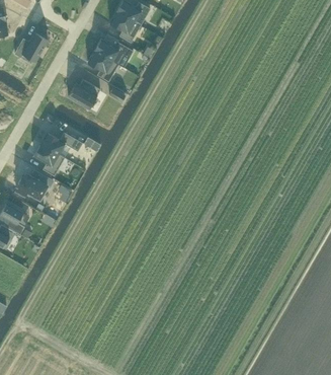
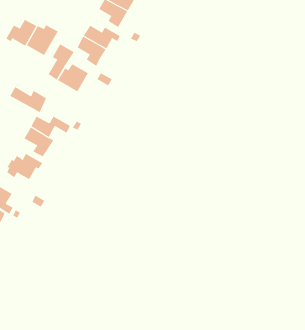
building: none -> [26,25,58,56]
building: none -> [48,43,75,80]
building: none -> [9,86,47,113]

